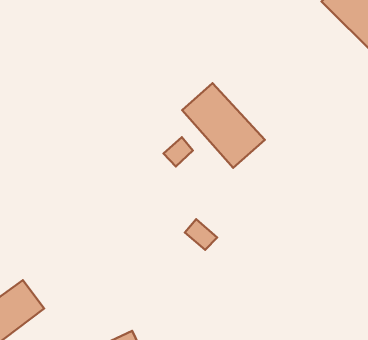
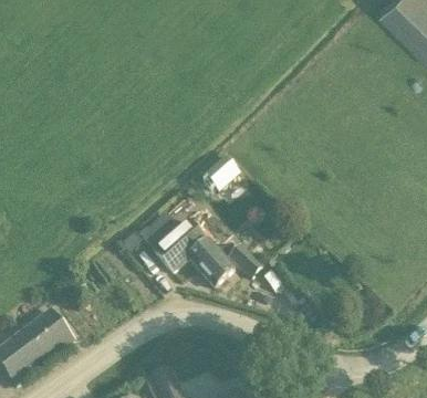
building: [182,83,265,168] -> none
building: none -> [152,218,233,285]

